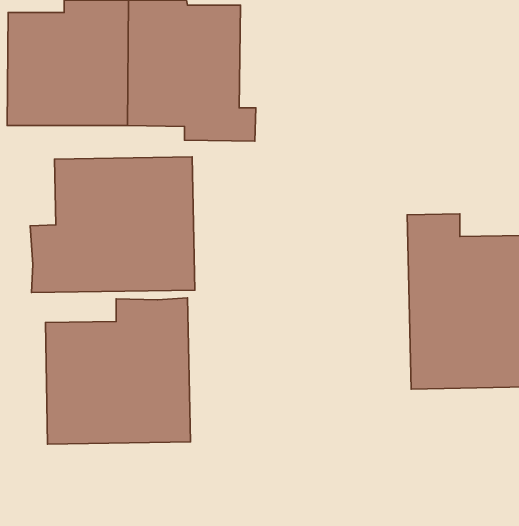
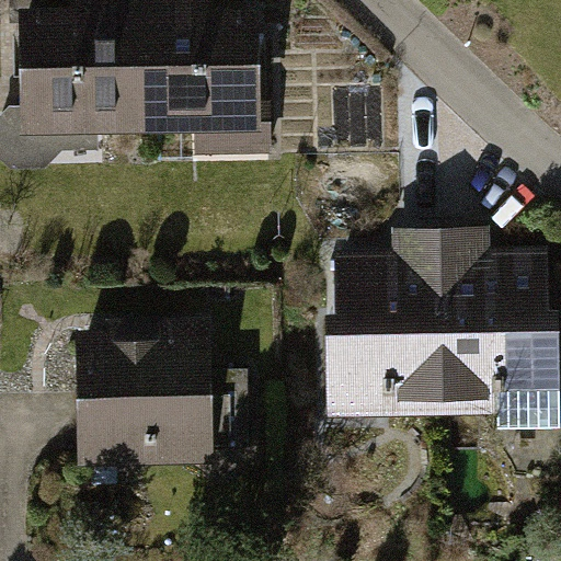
building: [30,157,195,292] -> none
building: none -> [323,231,446,417]

